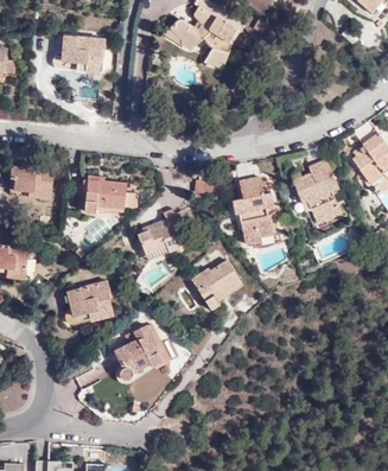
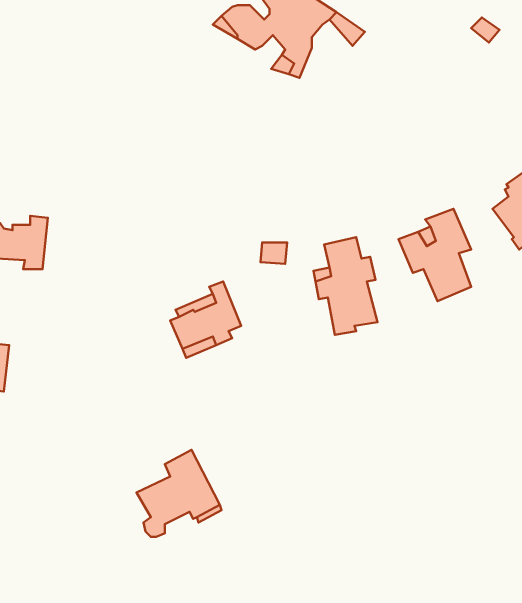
building: [65,38,107,75] -> none
building: [83,179,136,211] -> none
building: [189,261,238,310] -> none
building: [65,279,112,317] -> none

